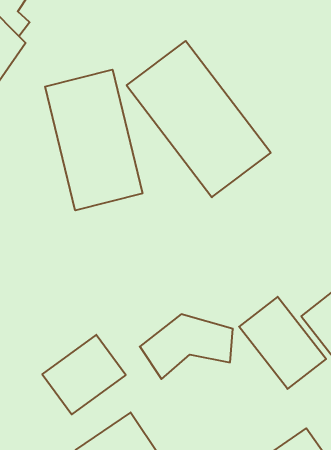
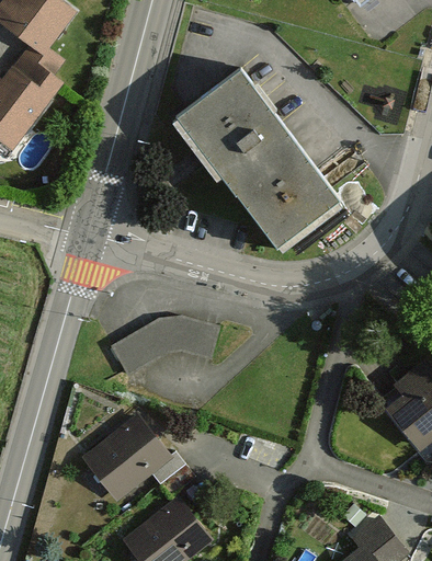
building: [45,70,142,210] -> none
building: [239,297,326,389] -> none
building: [140,314,233,379] -> [118,312,223,385]

